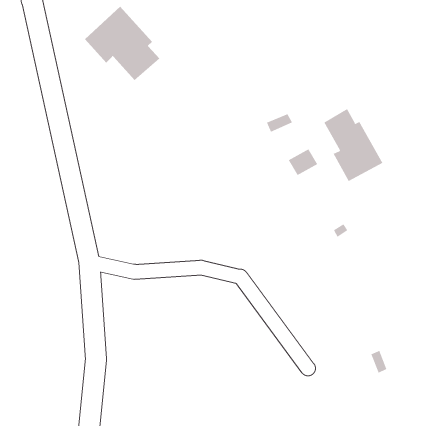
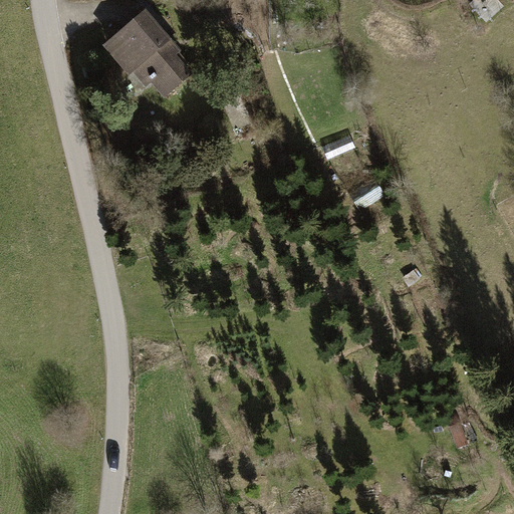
building: [324,108,383,182] -> none

